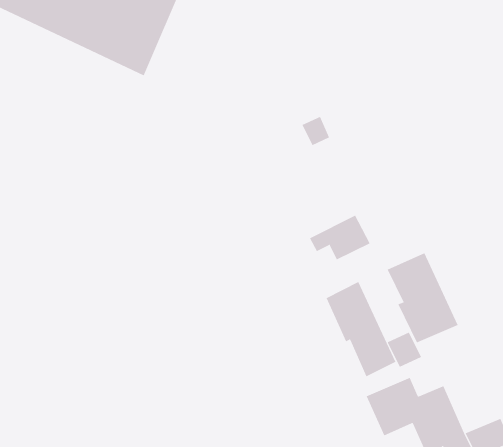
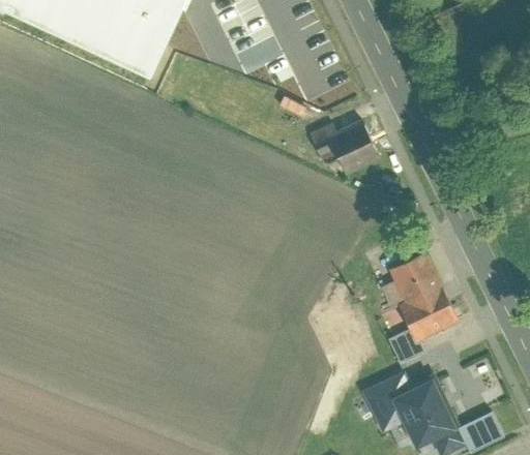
building: [309,215,370,260] -> [316,135,376,180]
building: [326,281,396,377] -> none

